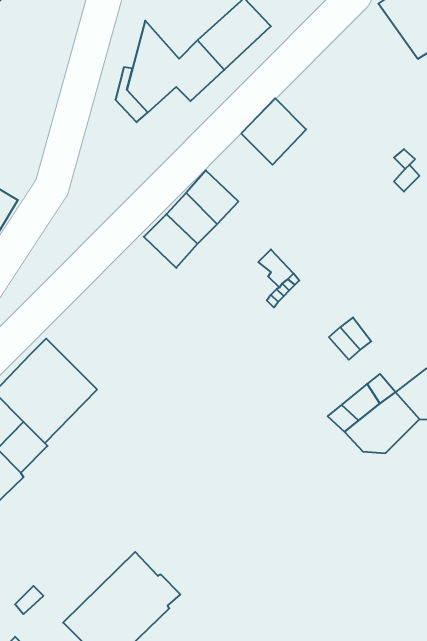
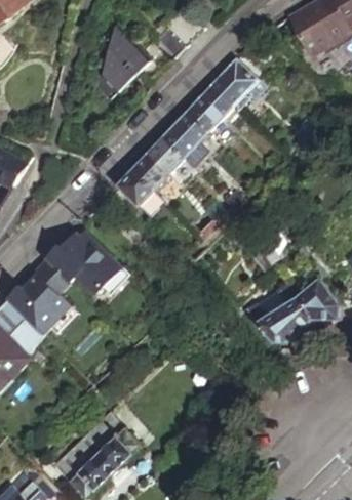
building: none -> [210,59,260,113]
building: none -> [160,112,208,161]
building: none -> [44,228,123,303]

